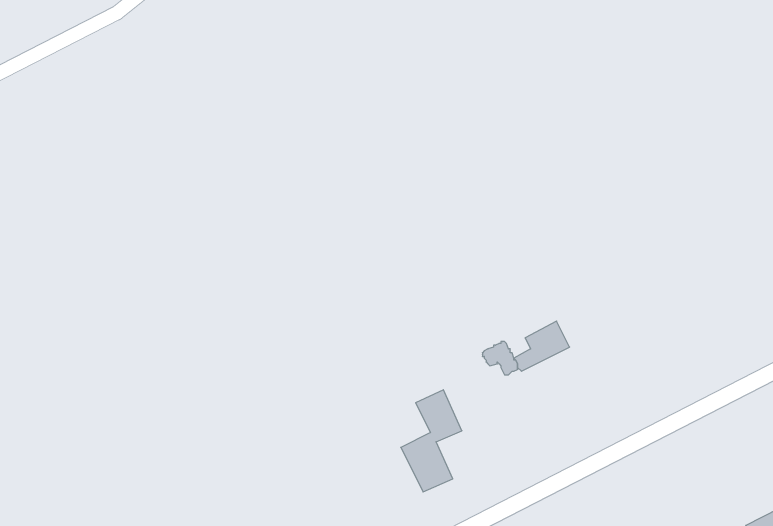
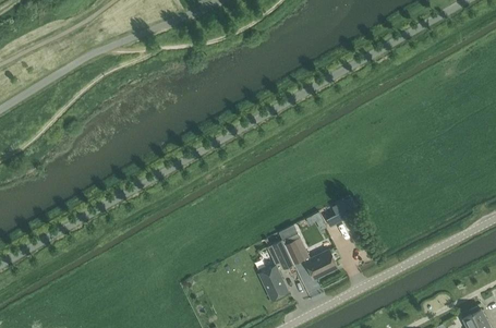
building: none -> [282,233,337,279]

